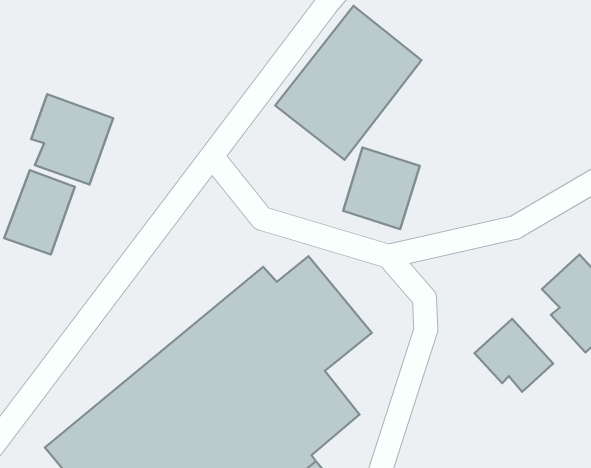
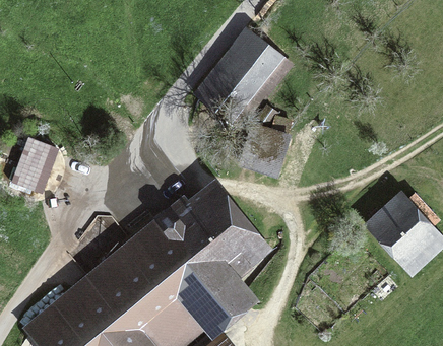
building: [31,94,113,184] -> none
building: [475,319,553,392] -> none

